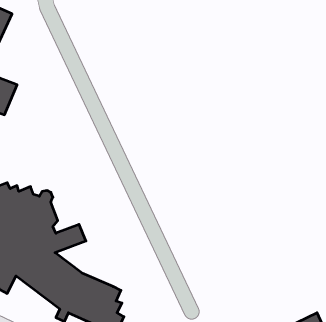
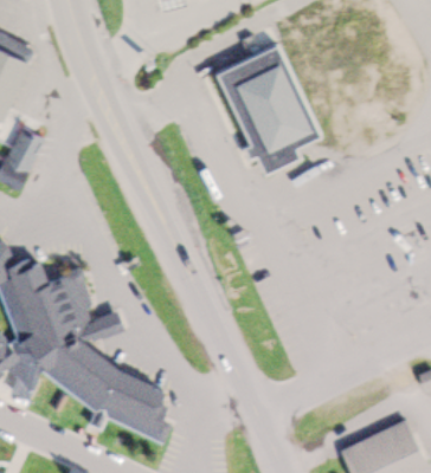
building: none -> [219,41,326,175]

